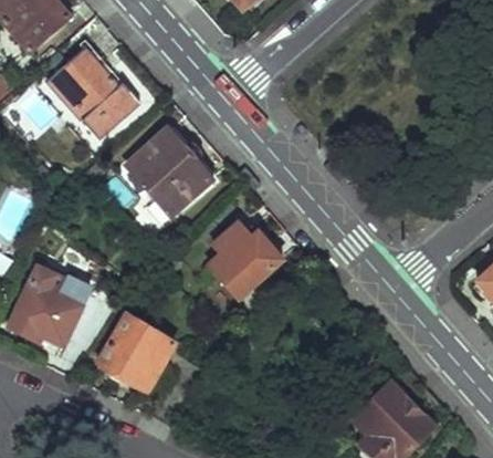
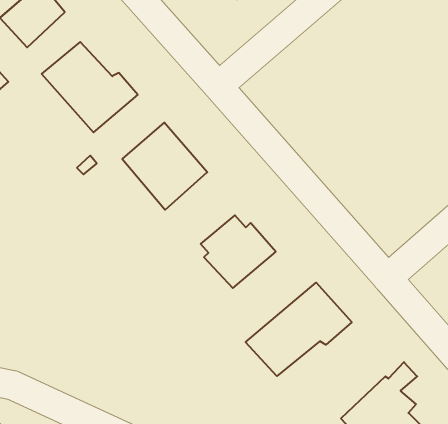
building: [13,268,86,344] -> none
building: none -> [246,283,352,376]
building: [98,314,178,391] -> none

